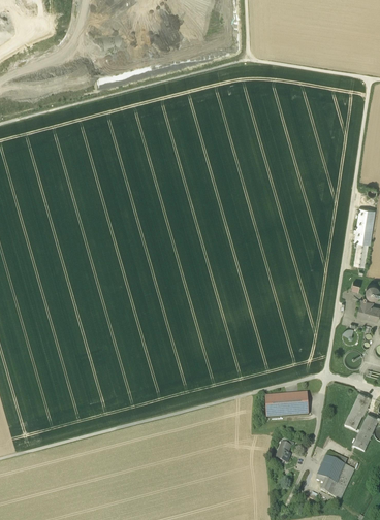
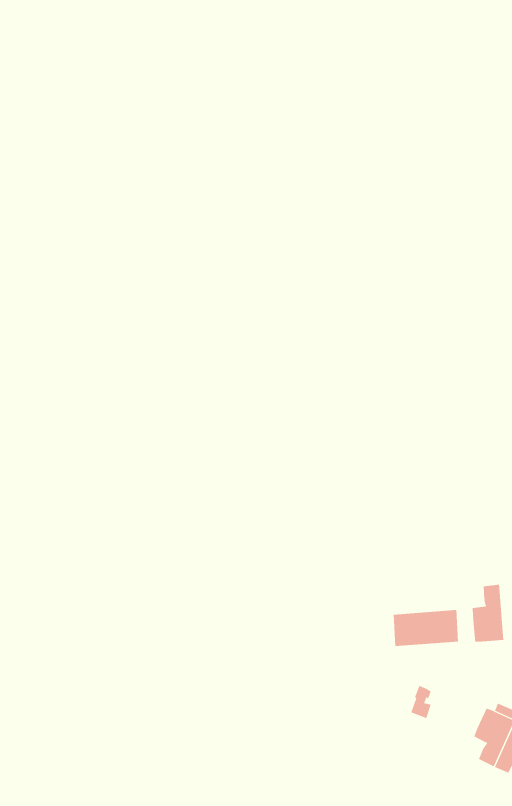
building: none -> [472,584,504,643]

